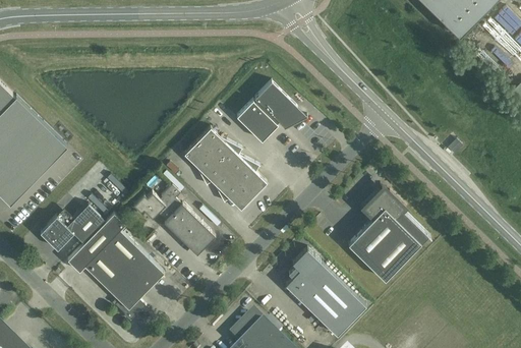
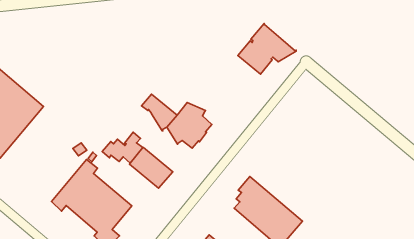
building: [236,80,306,140] -> [238,24,296,74]
building: [196,126,241,168] -> none
building: [347,188,429,280] -> none
building: [40,204,104,249] -> none

